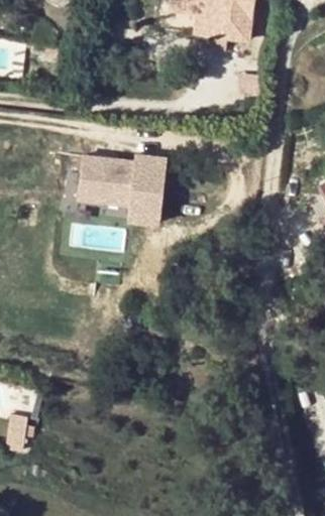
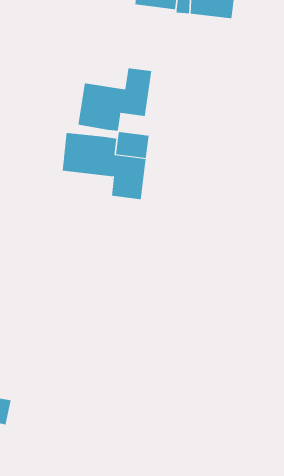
building: none -> [78,67,152,131]

